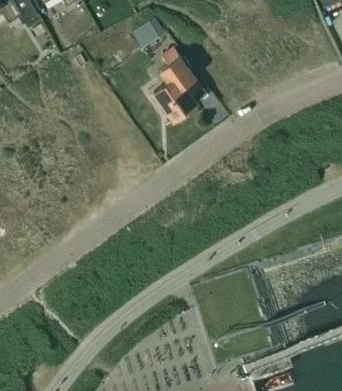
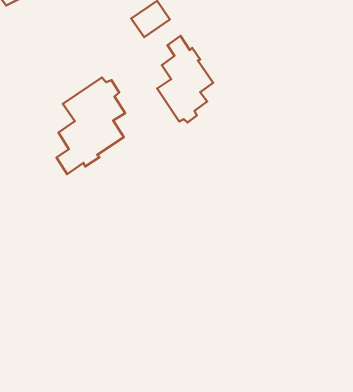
building: none -> [57,77,125,174]

